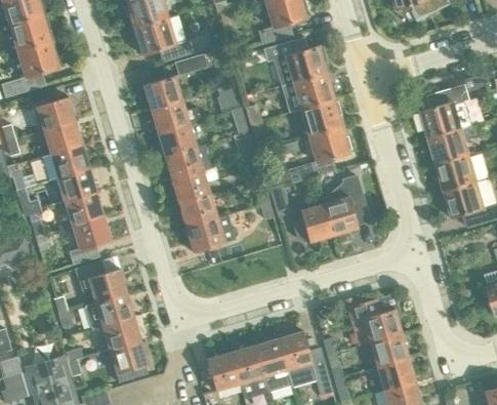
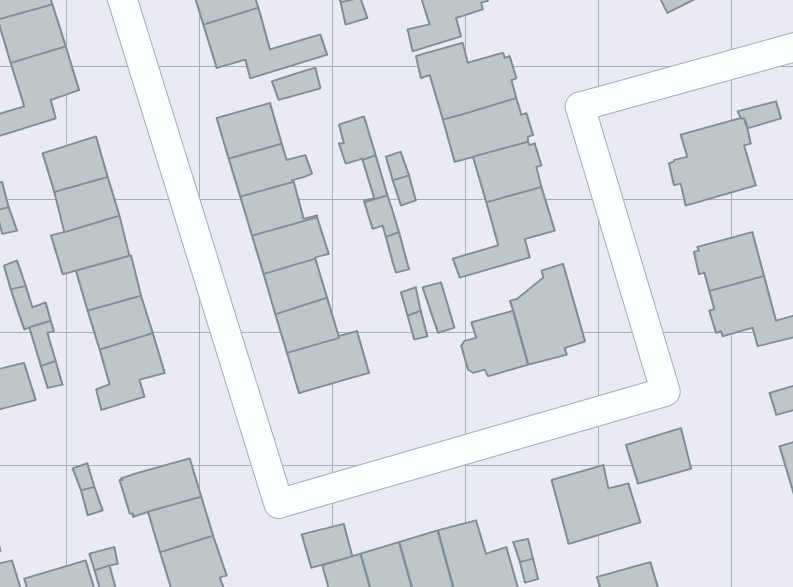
building: [428,123,482,163] -> none
building: [74,260,126,301] -> none
building: [368,331,408,365] -> [626,428,691,484]
building: none -> [302,524,352,568]

